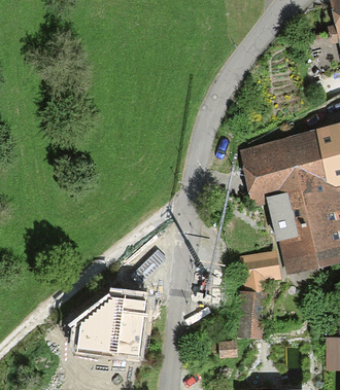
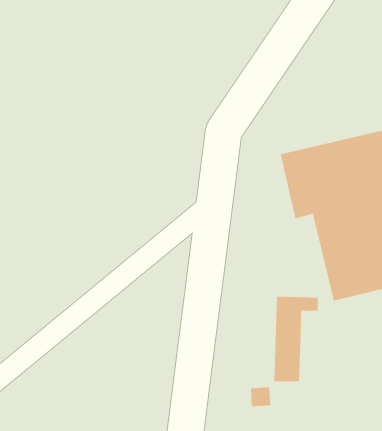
building: [74,287,148,359] -> none

